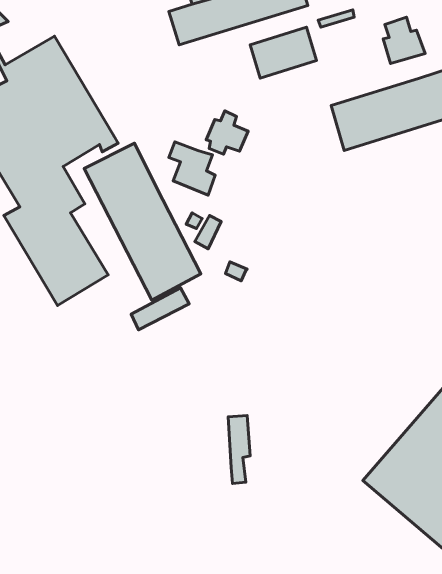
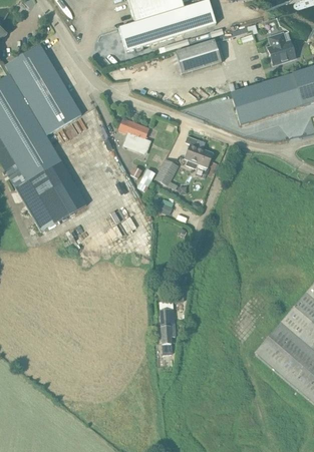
building: [206,111,248,154] -> [185,137,214,167]
building: [84,143,201,300] -> none
building: none -> [155,157,179,188]

